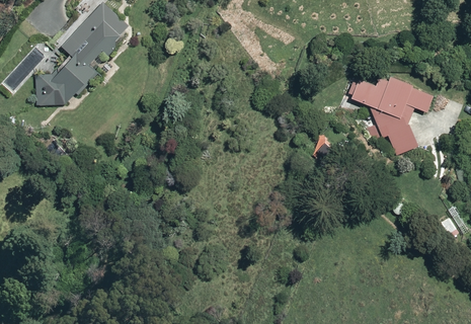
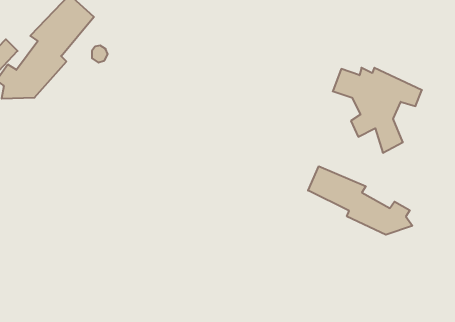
building: none -> [308,166,412,235]

